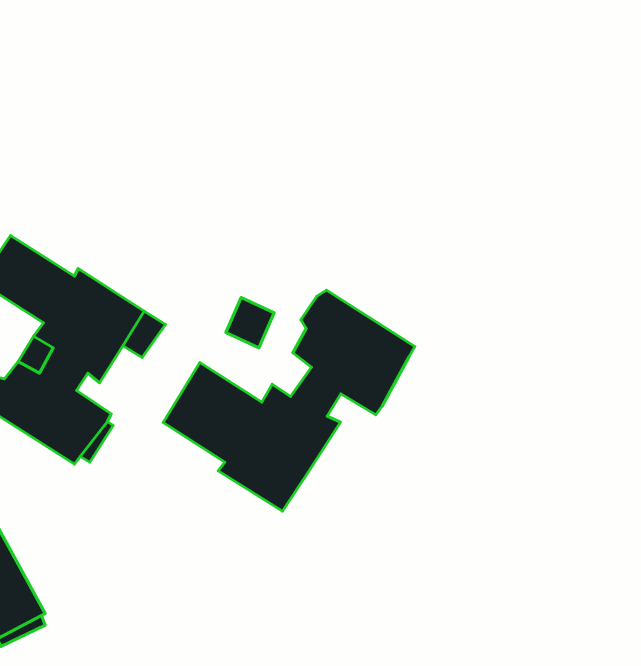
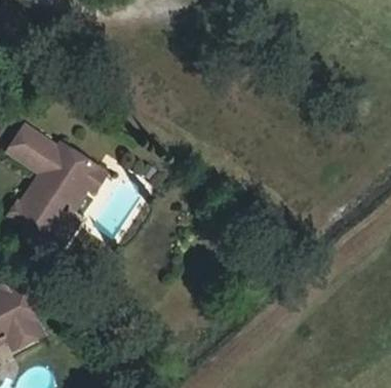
building: [163,290,415,511] -> none

